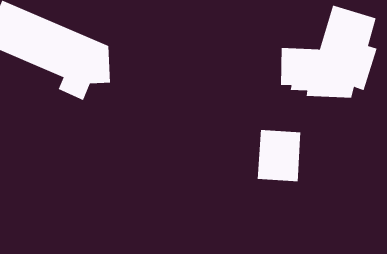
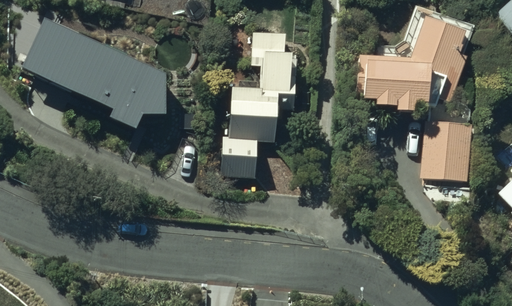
building: none -> [218,33,291,178]
building: [257,130,301,182] -> [420,122,470,181]

